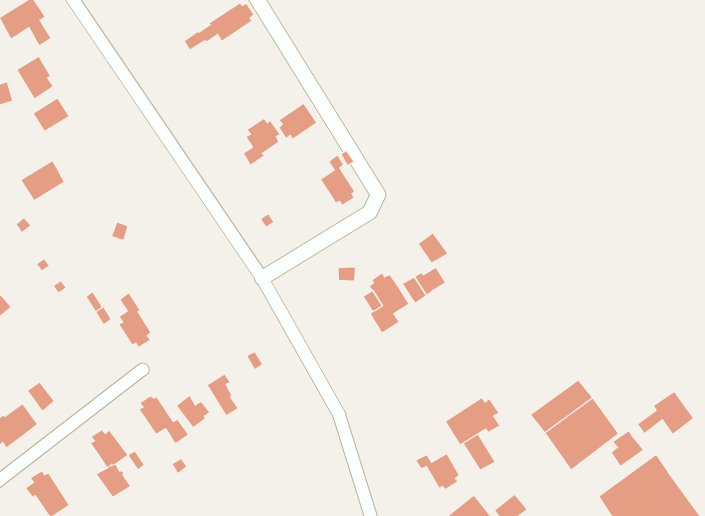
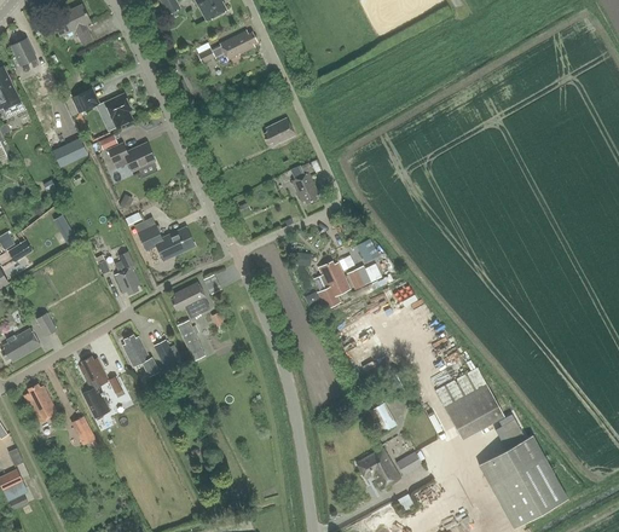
building: [17,56,54,99] -> [104,93,132,127]
building: [243,118,280,165] -> none
building: none -> [99,135,155,172]
building: none -> [137,226,195,260]
building: none -> [170,281,210,317]
building: [637,391,694,435] -> none
building: [445,398,500,445] -> none
building: [416,454,460,490] -> none

